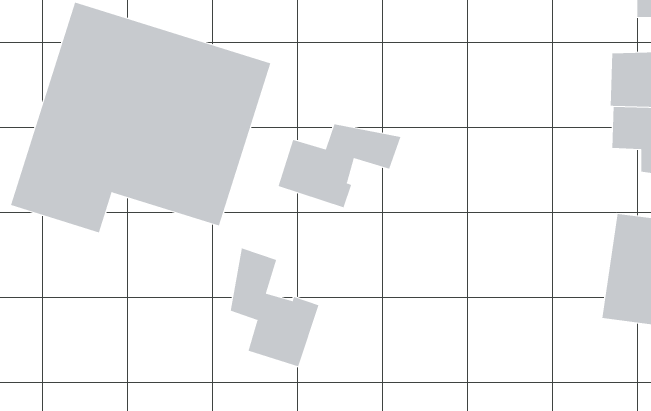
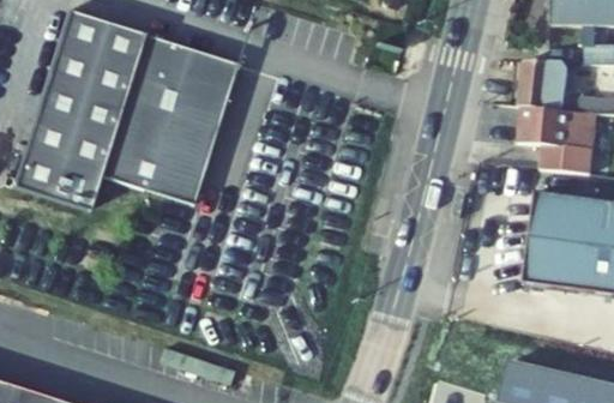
building: [278,124,401,208] -> none
building: [230,247,319,367] -> none

